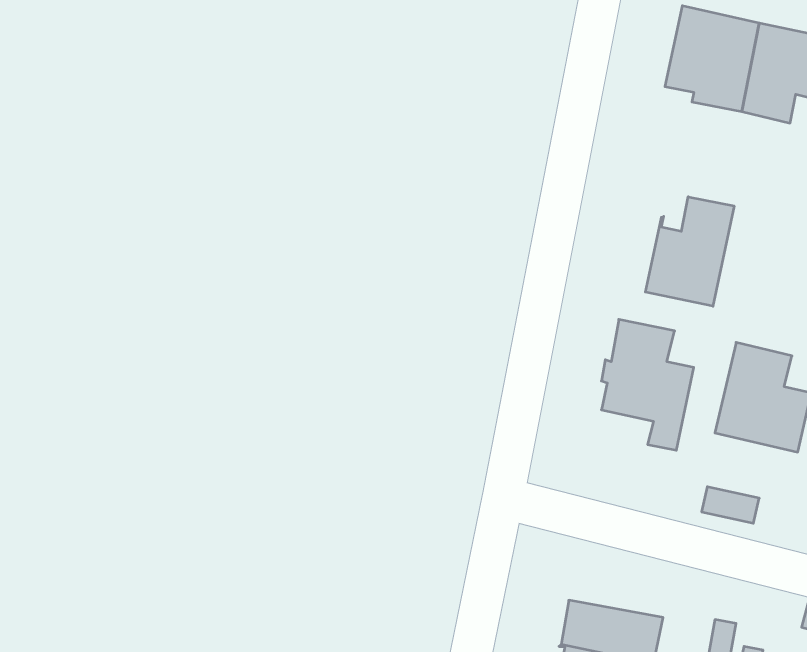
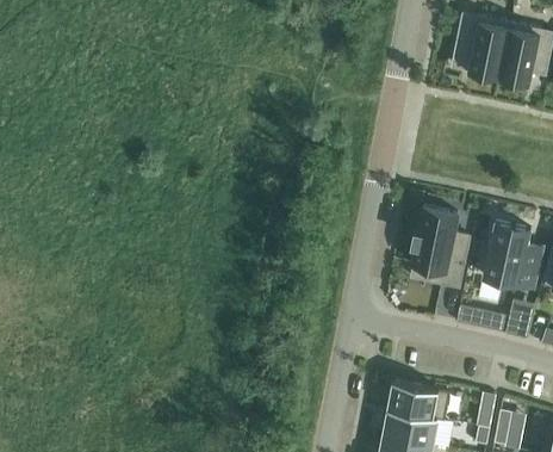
building: [645,197,734,306] -> none

